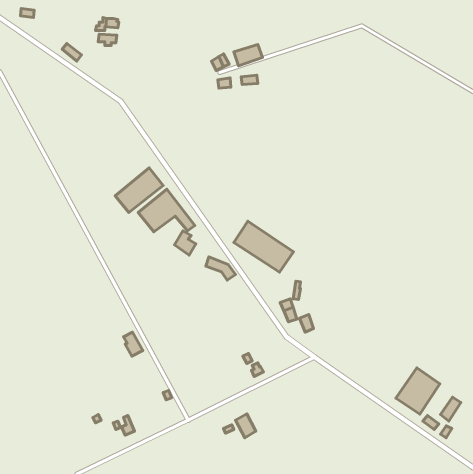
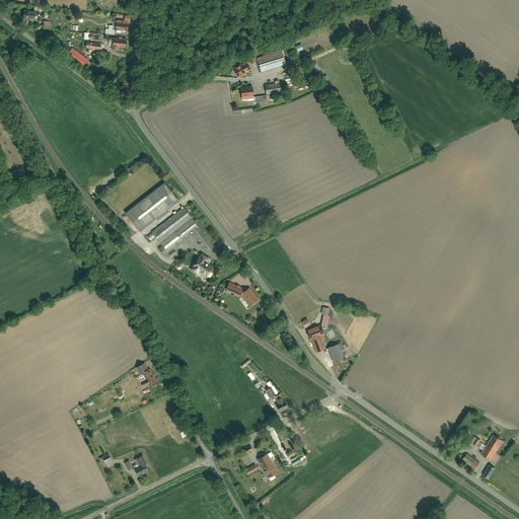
building: [234,221,293,272] -> none
building: [396,368,440,414] -> none

